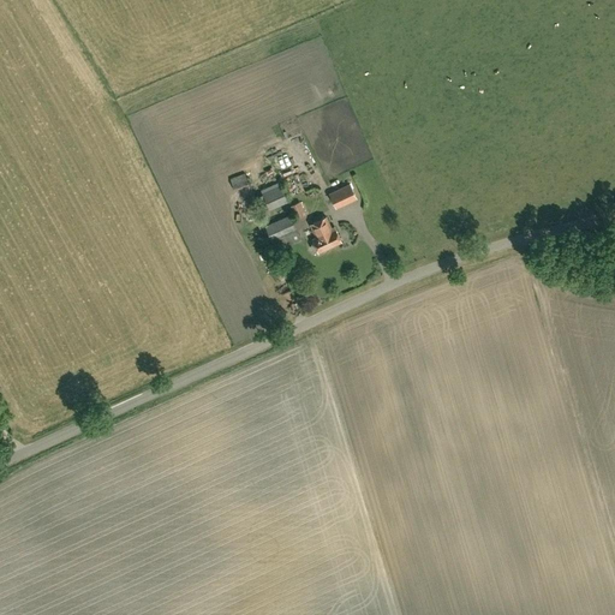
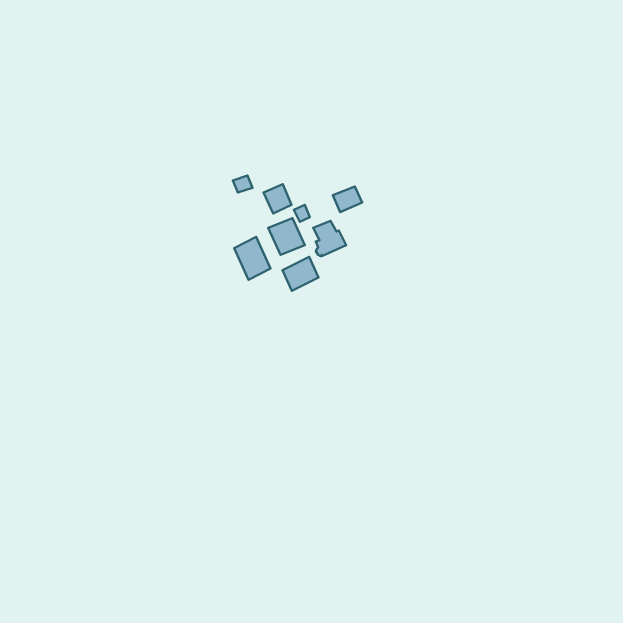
building: none -> [234,237,270,280]
building: none -> [282,257,319,291]

